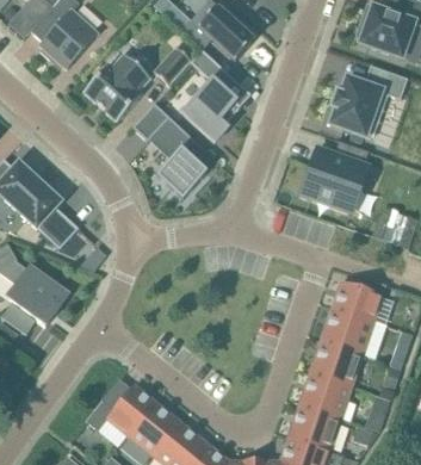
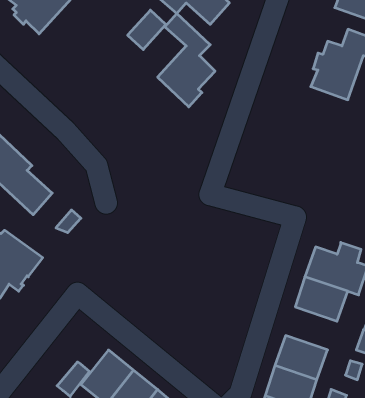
building: [85,54,150,120] -> none
building: [131,104,206,200] -> none
building: [302,140,370,209] -> none
building: [311,341,363,384] -> none

